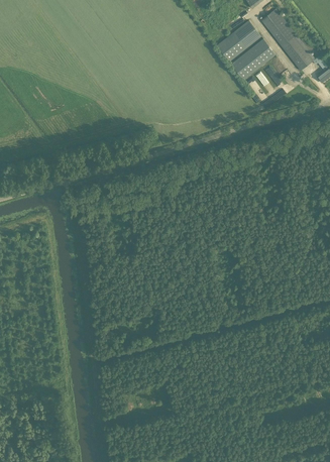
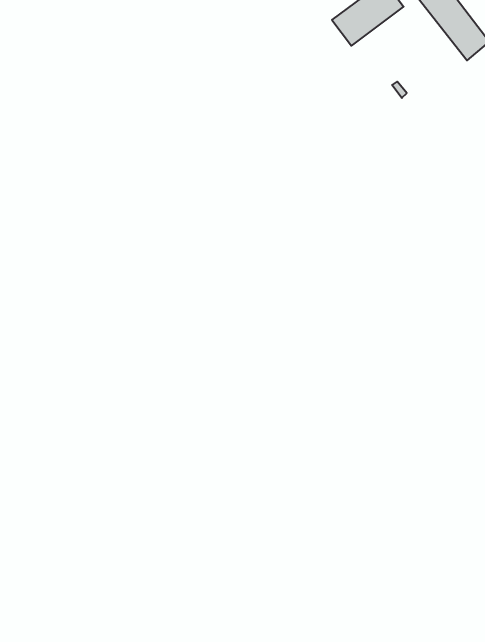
building: [230,39,274,81] -> none

